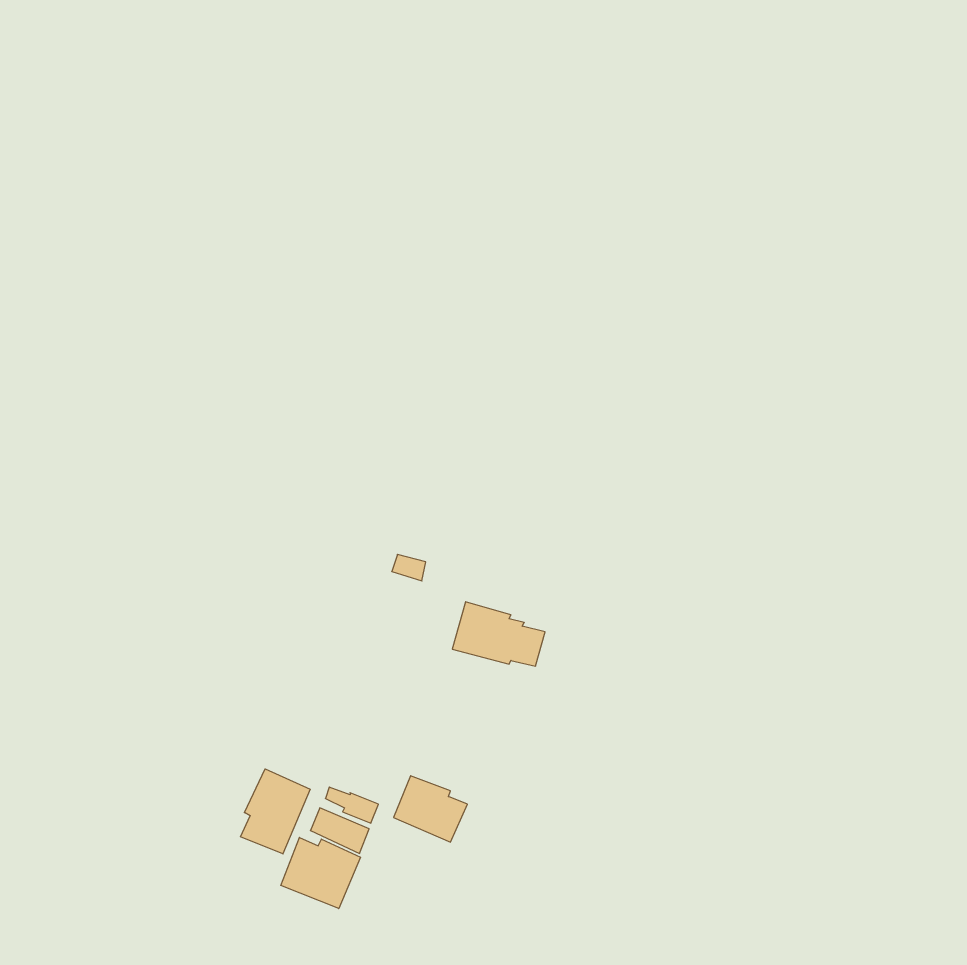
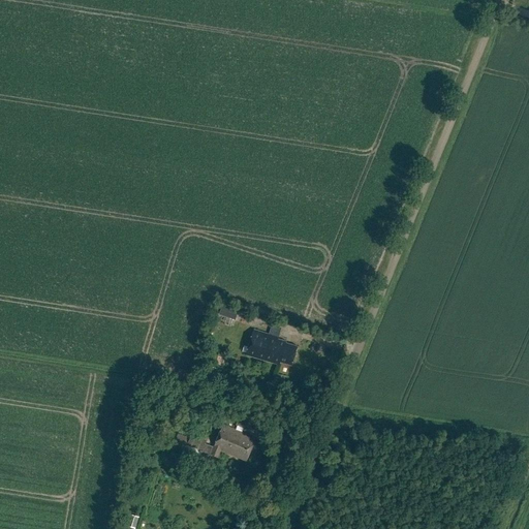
building: [241,769,310,854] -> none
building: [281,837,360,909] -> none

